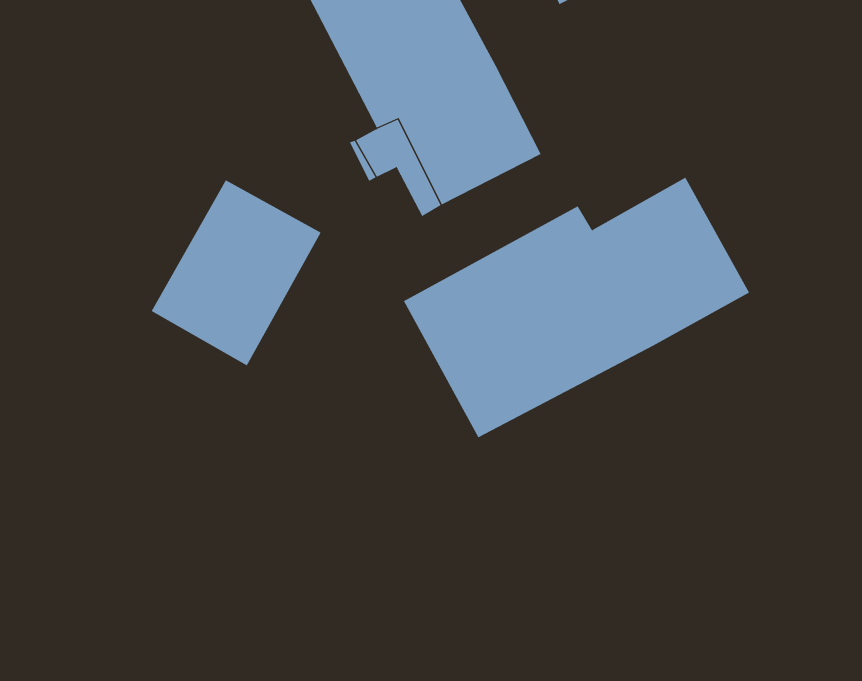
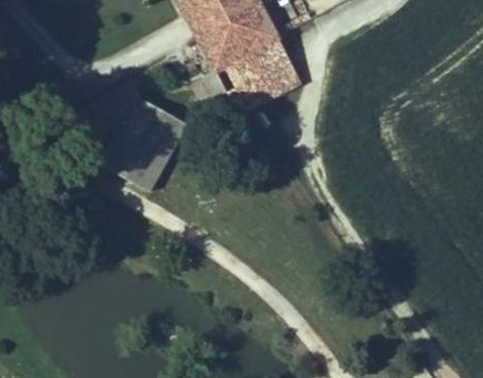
building: [403,177,750,438] -> none

